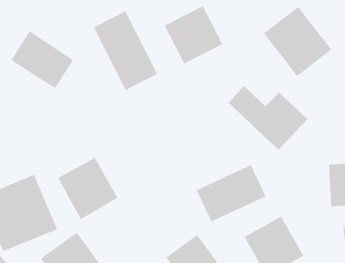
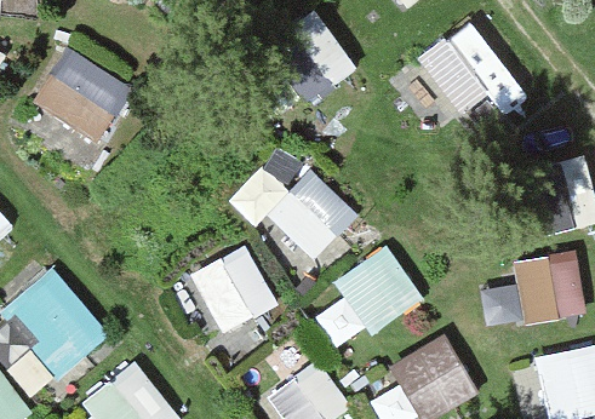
building: [93,11,158,91] -> none
building: [228,85,308,150] -> [235,166,356,264]
building: [57,157,118,220] -> [187,242,279,337]

